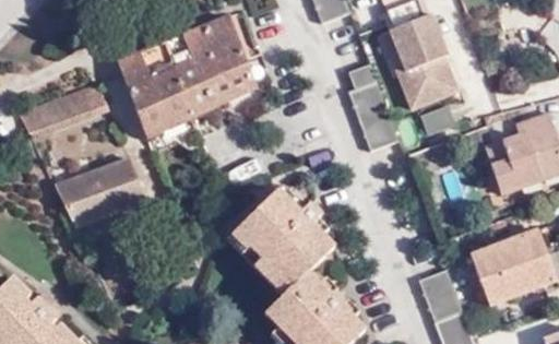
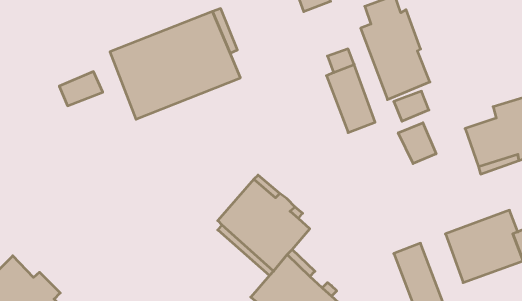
building: [22,97,72,135] -> none
building: none -> [398,123,436,164]
building: [55,155,144,225] -> none

